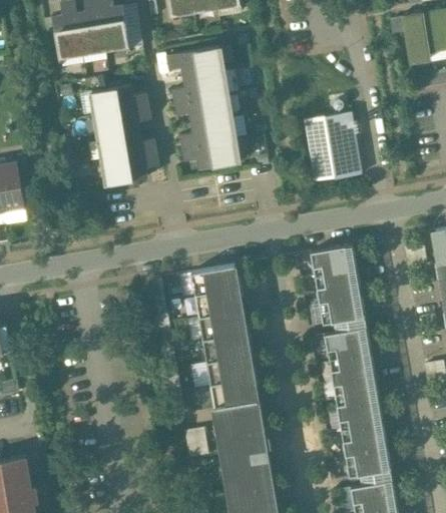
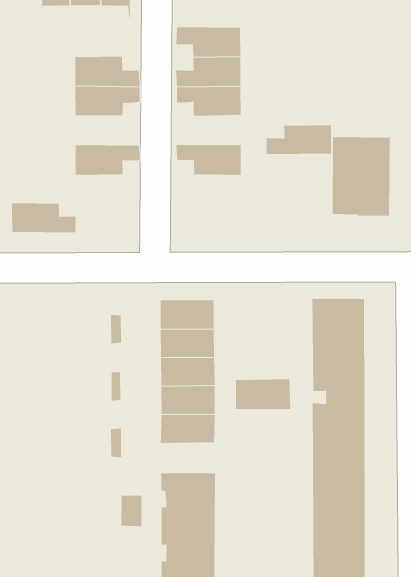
building: [180,116,235,148] -> [266,125,332,154]
building: [99,132,154,161] -> [11,203,76,233]
building: [209,378,258,409] -> [235,379,291,409]

